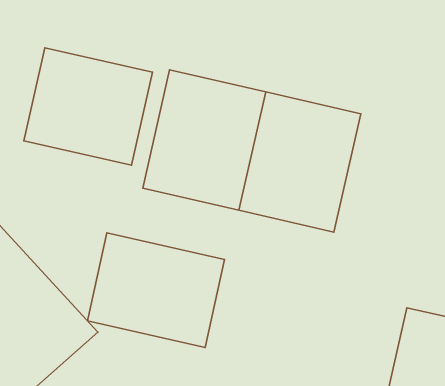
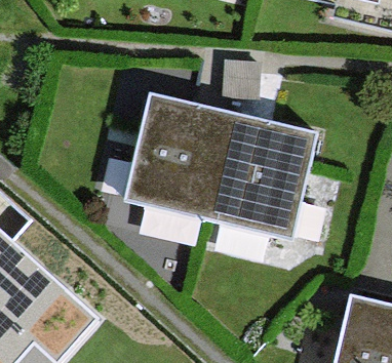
building: [24,48,152,165] -> none
building: [87,233,225,348] -> none

